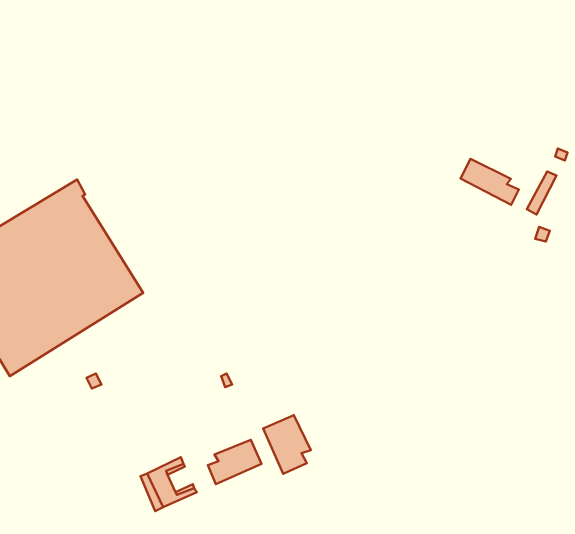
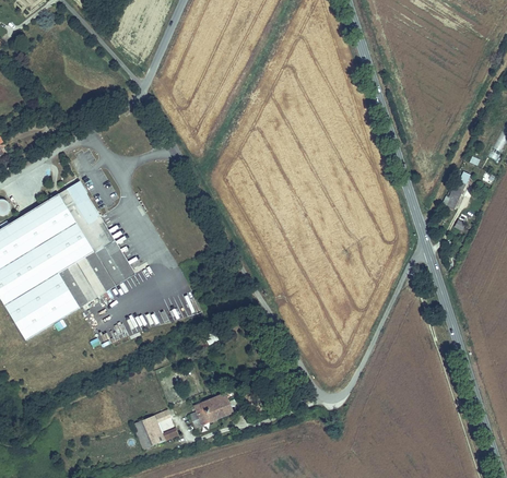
building: [460,159,519,205] -> none
building: [263,415,311,474] -> none

